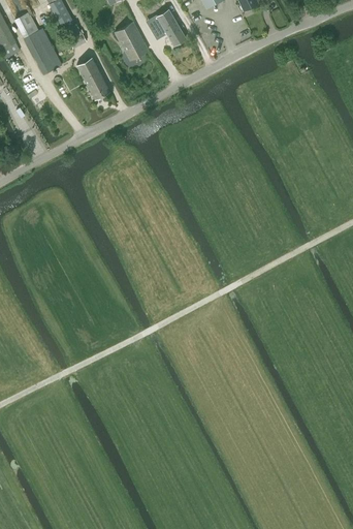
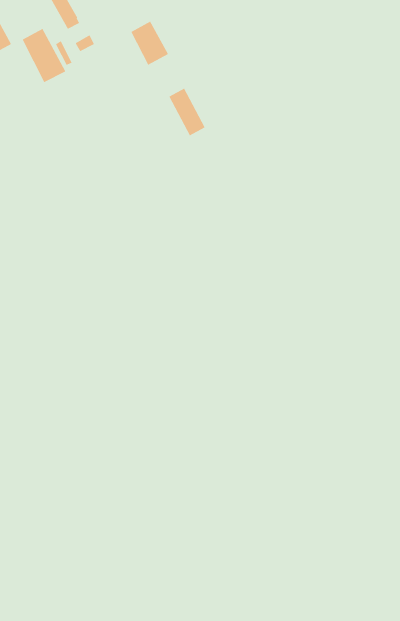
building: [152,17,185,43] -> none
building: [77,57,108,97] -> [168,88,206,136]

